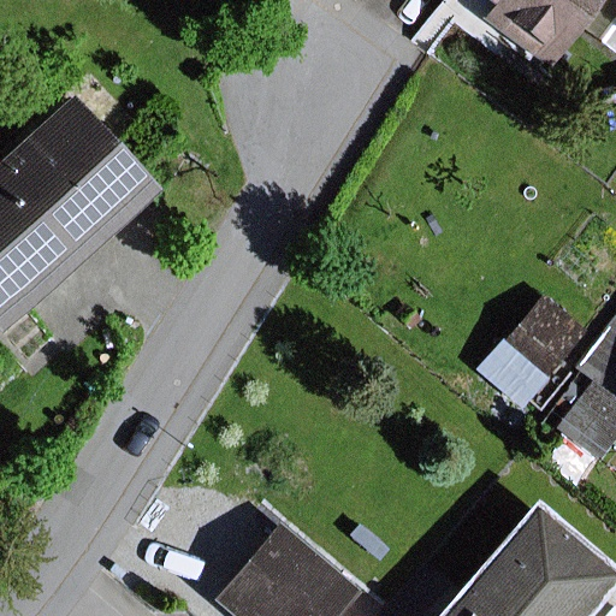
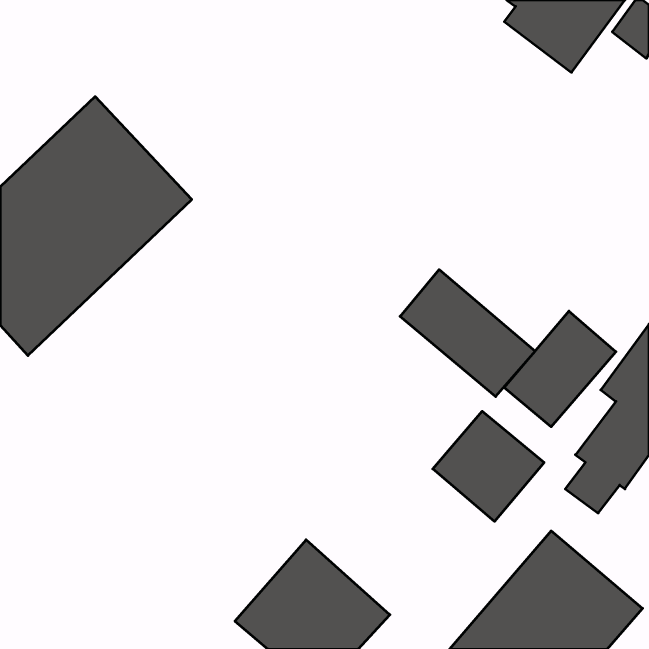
building: none -> [400,270,535,397]
building: none -> [433,411,544,521]

